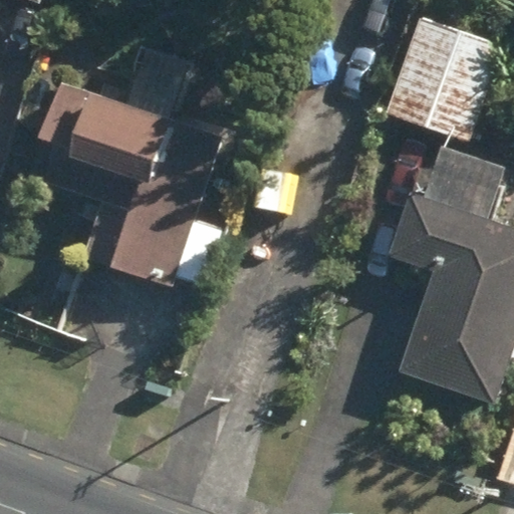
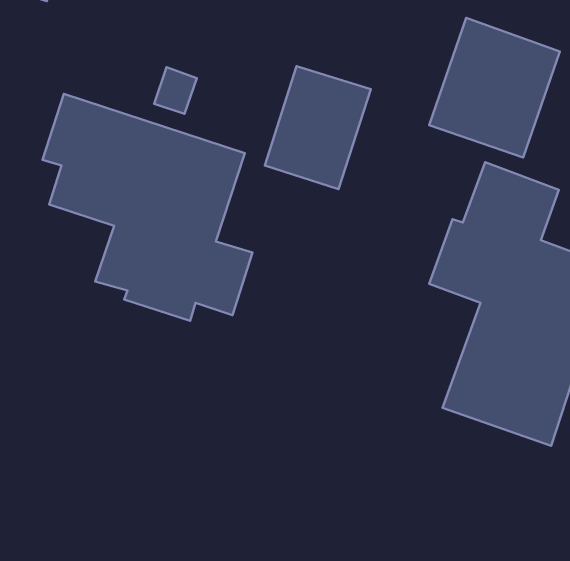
building: none -> [265,66,371,189]

